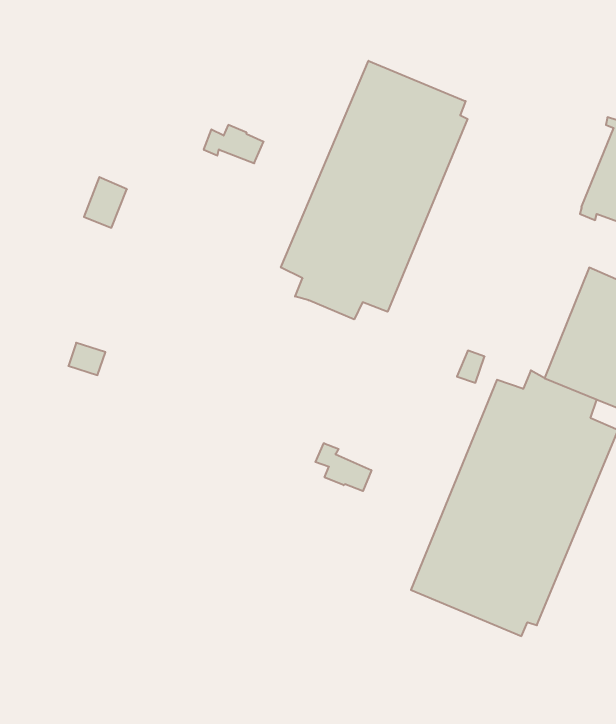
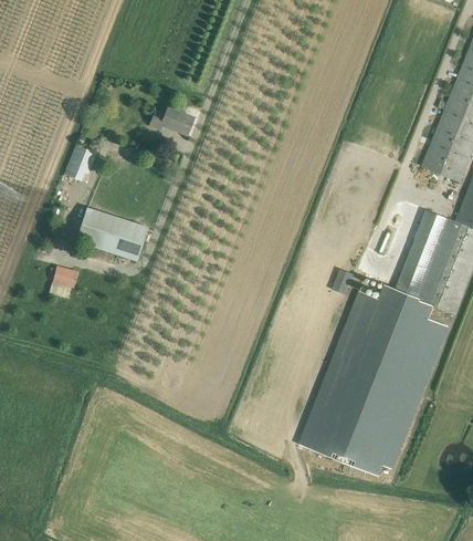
building: [281,61,468,319] -> none
building: none -> [76,207,148,260]
building: [315,443,371,491] -> none

